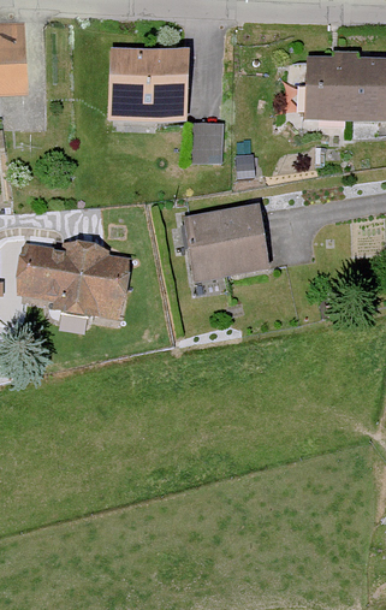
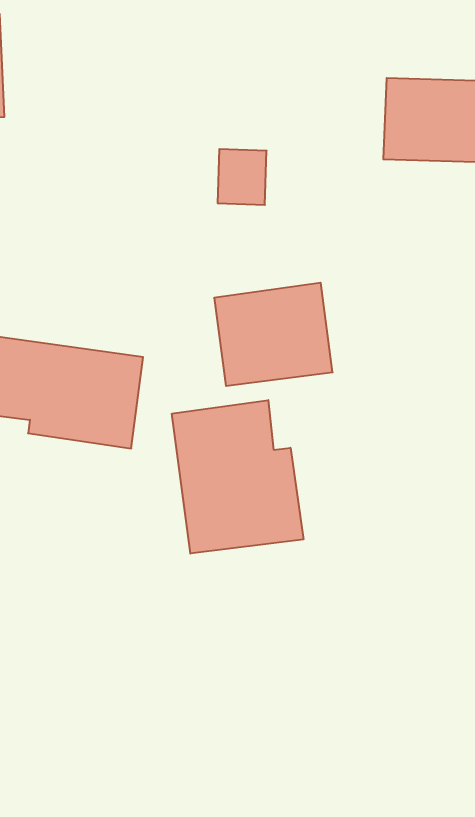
building: [103,51,188,123] -> none
building: none -> [172,400,303,554]

